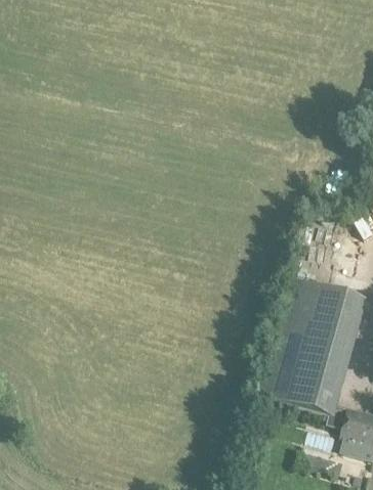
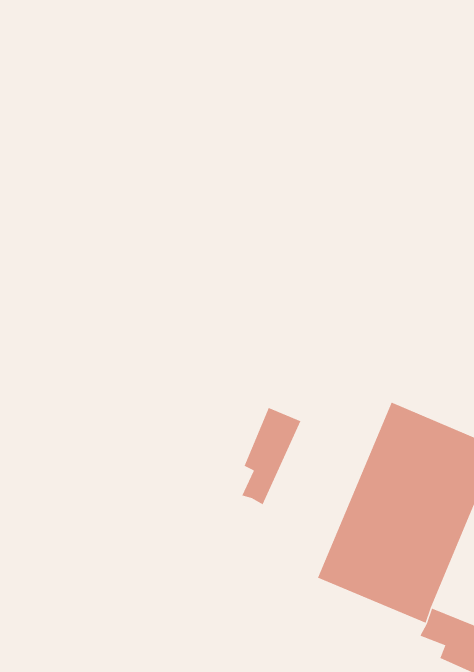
building: none -> [242,407,301,505]

